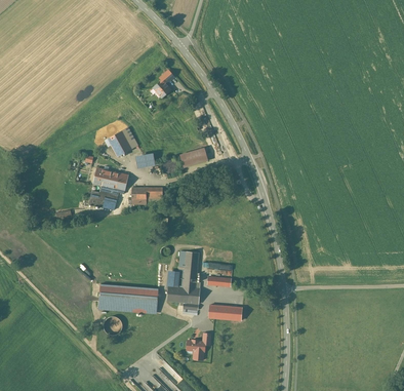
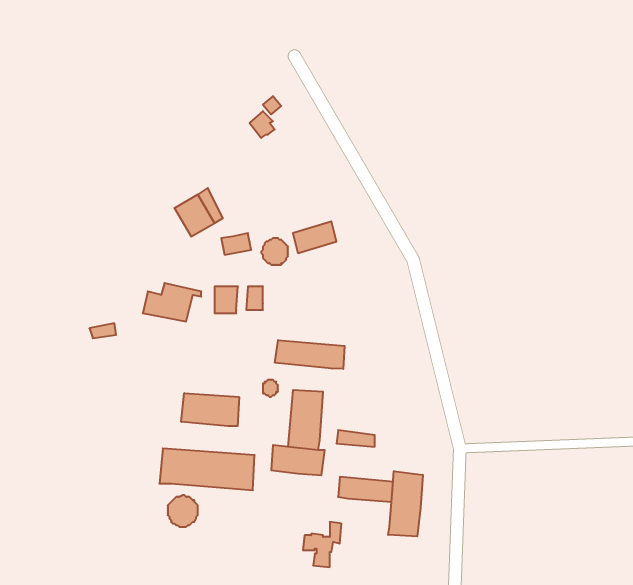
building: [93,168,128,191] -> none
building: none -> [275,340,345,369]
building: none -> [181,393,239,426]
building: none -> [388,471,423,536]

